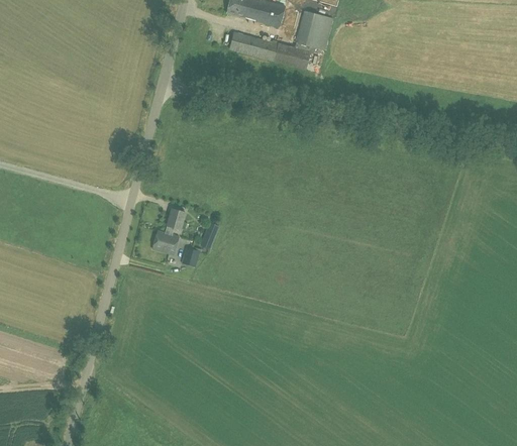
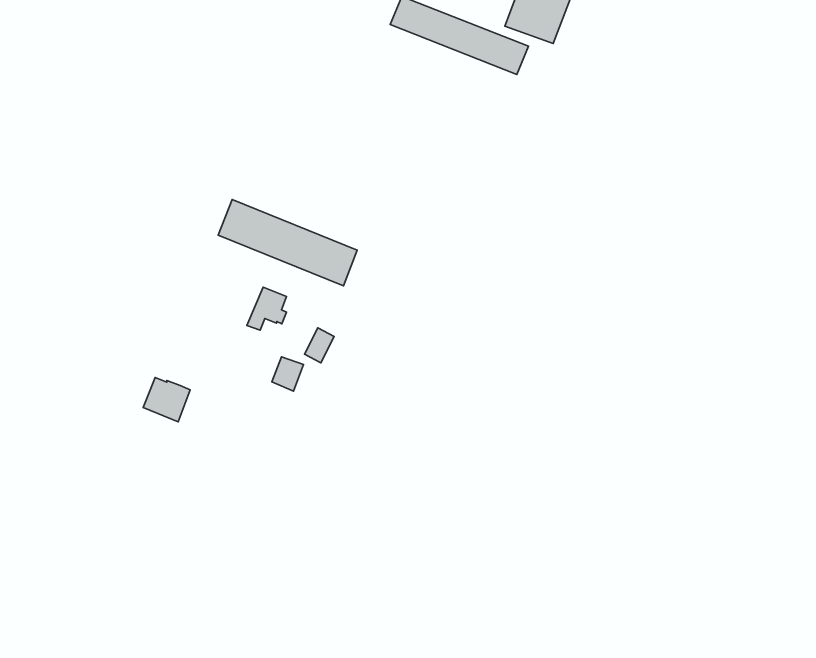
building: none -> [218,200,357,286]
building: [151,231,178,255] -> [143,377,190,422]

